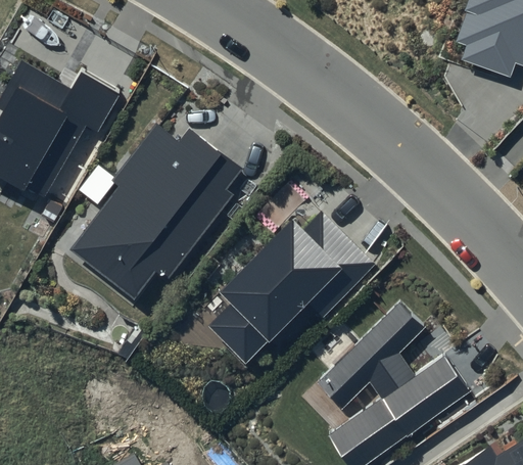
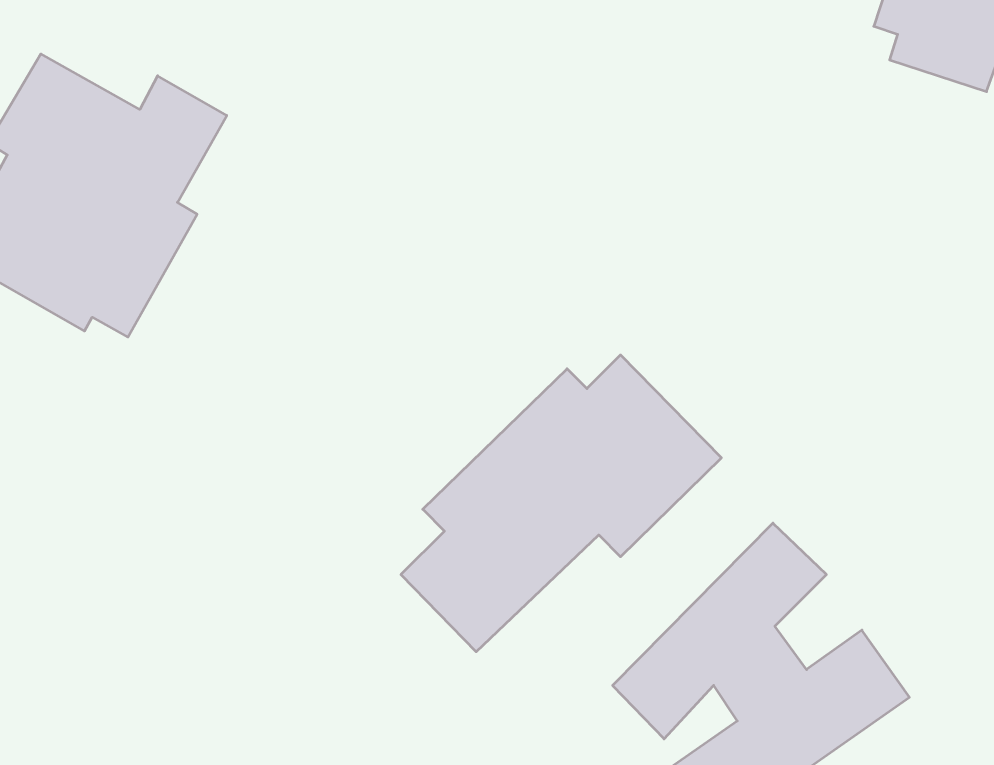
building: [69,125,240,303] -> none

